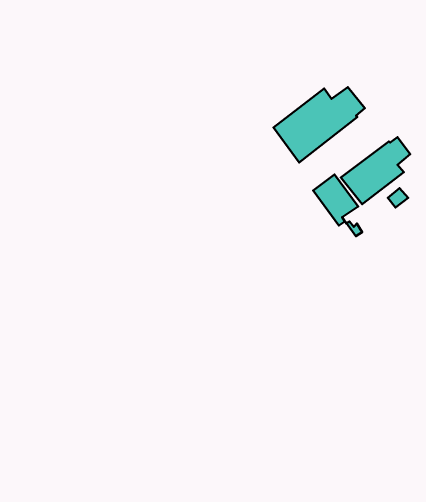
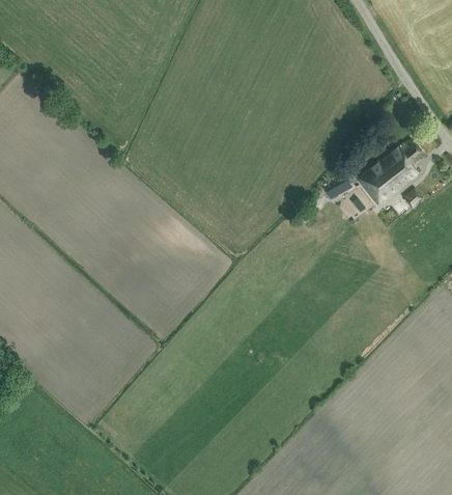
building: [273,87,365,162] -> none

